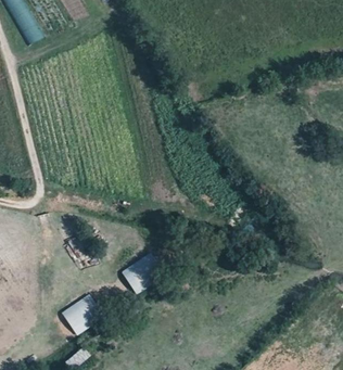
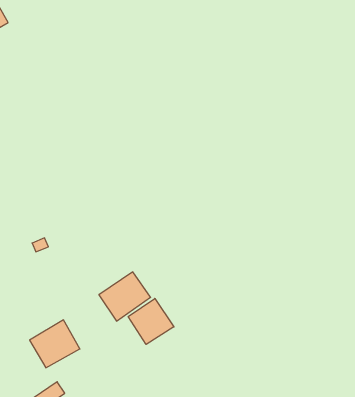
building: none -> [128,298,174,344]

